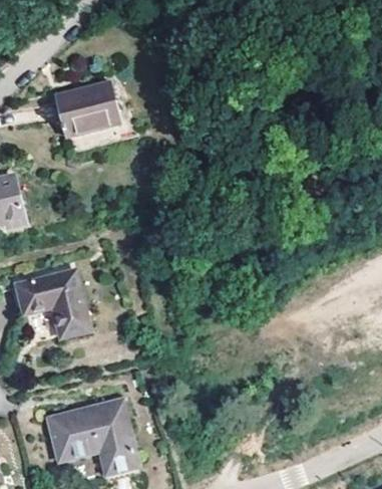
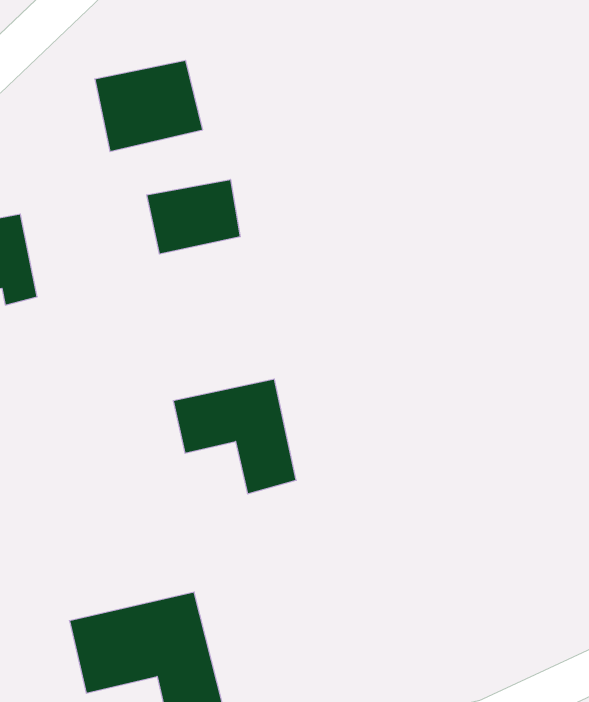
building: none -> [147,179,240,254]
building: [16,270,89,338] -> [173,379,296,494]

